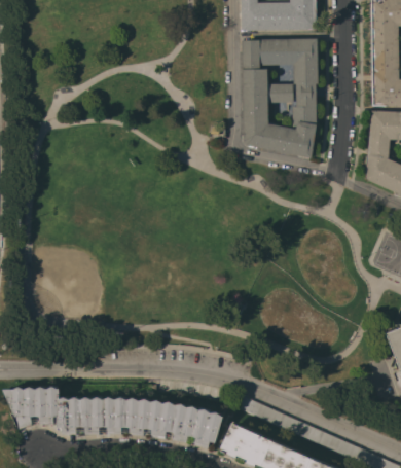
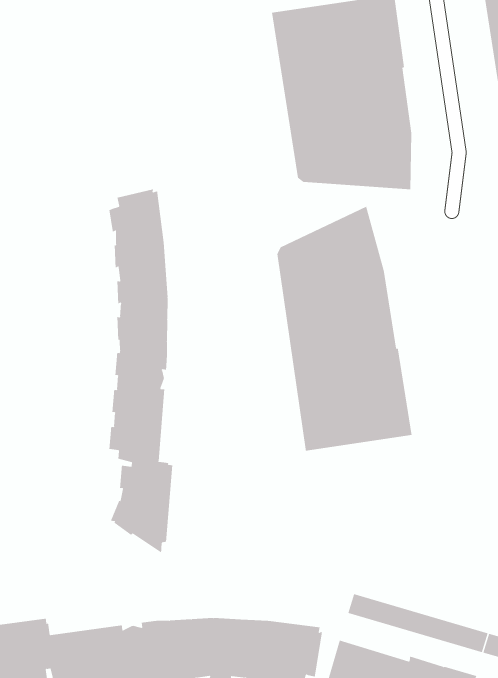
building: none -> [109,188,173,553]
building: none -> [277,206,412,451]

